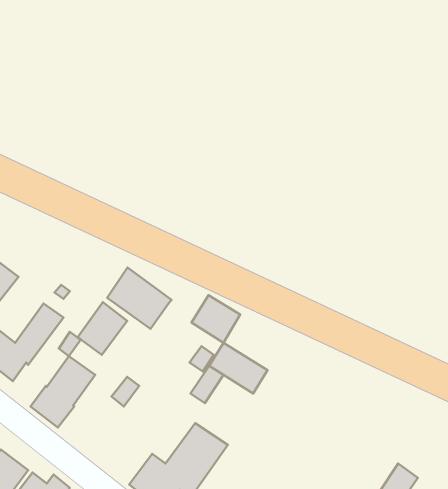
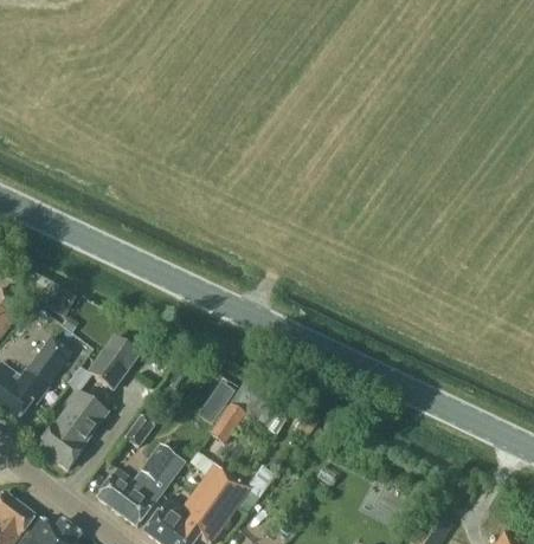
building: [107,268,172,329] -> none
building: [191,295,240,343] -> none
building: none -> [96,445,182,525]

